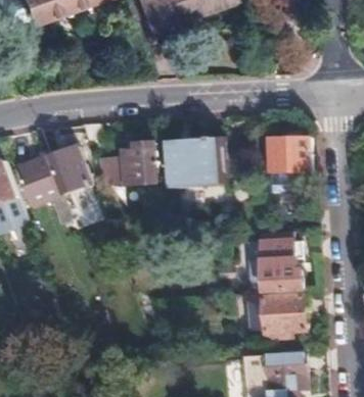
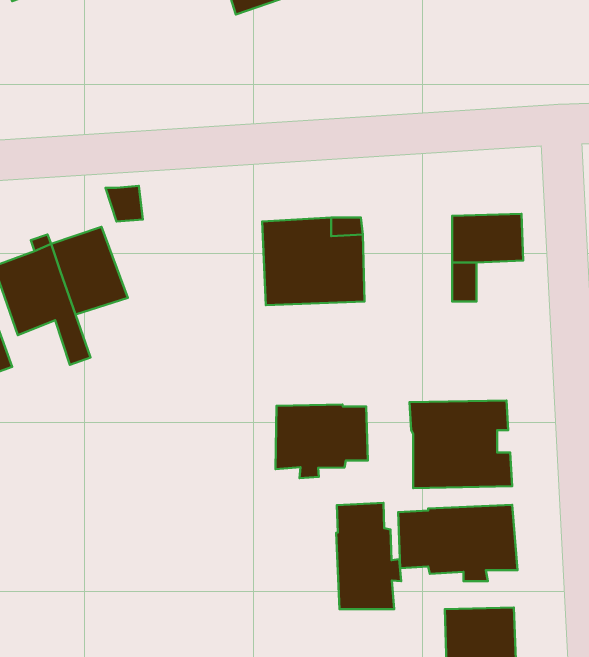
building: [124,141,156,182] -> none
building: none -> [276,405,368,478]
building: none -> [336,503,401,609]

